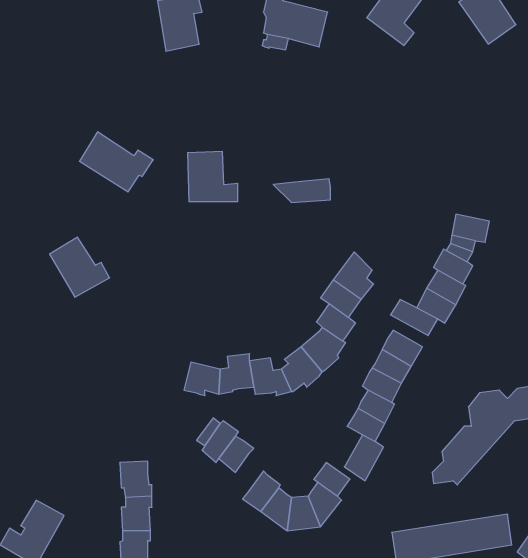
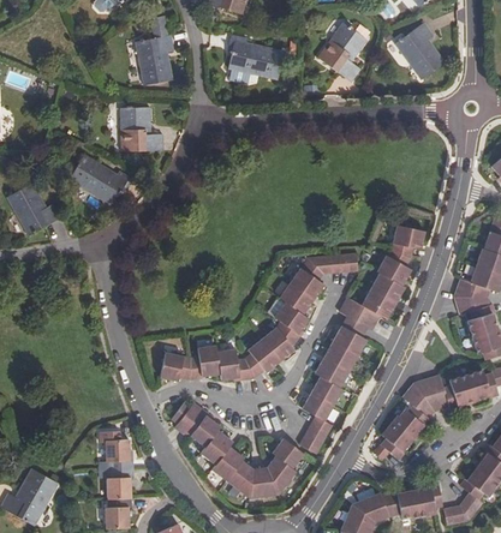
building: [188,151,238,202] -> [120,107,163,150]
building: [273,179,330,203] -> [306,252,356,273]
building: [50,237,110,297] -> [7,182,59,234]
building: none -> [201,430,232,463]

